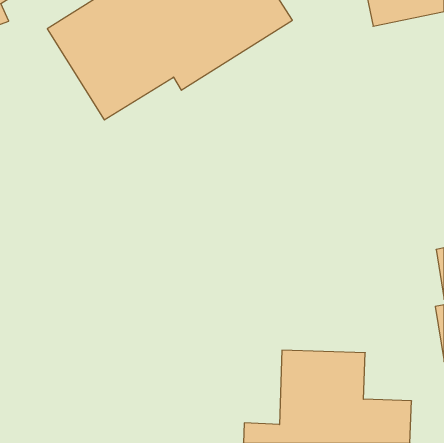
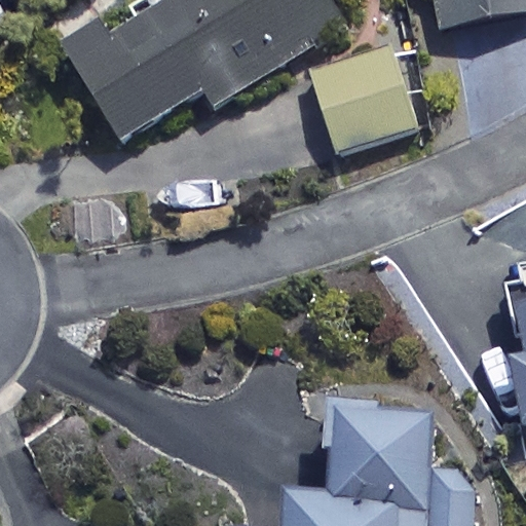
building: none -> [303,39,429,162]

